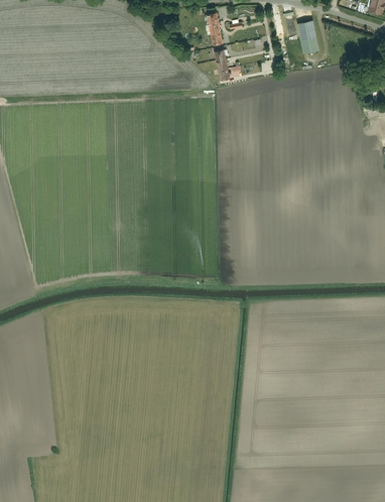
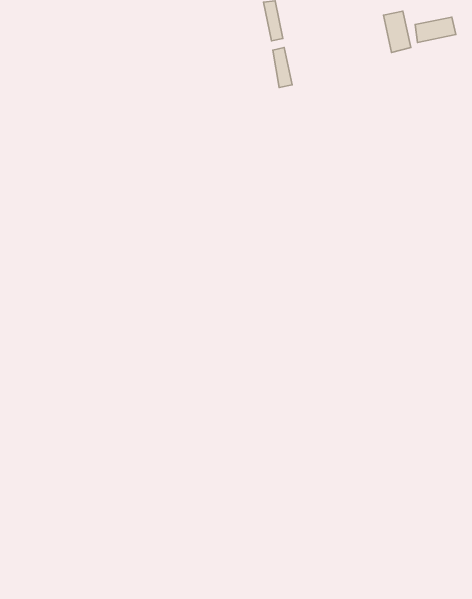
building: none -> [415,17,456,43]

